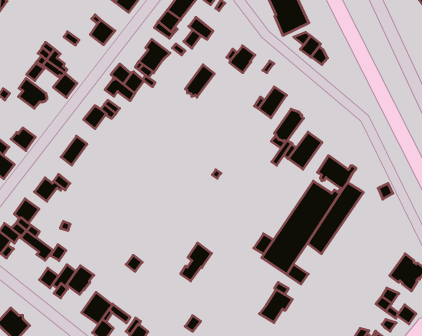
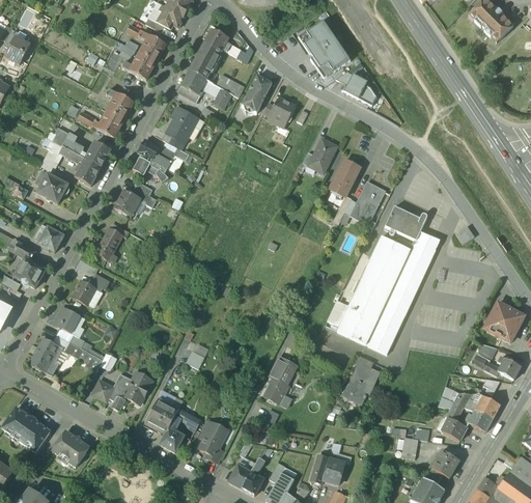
building: none -> [96,110,123,137]
building: none -> [85,140,111,167]
building: [185,65,214,97] -> [242,74,272,111]
building: [181,243,212,281] -> [264,357,296,400]
building: none -> [373,306,403,340]

